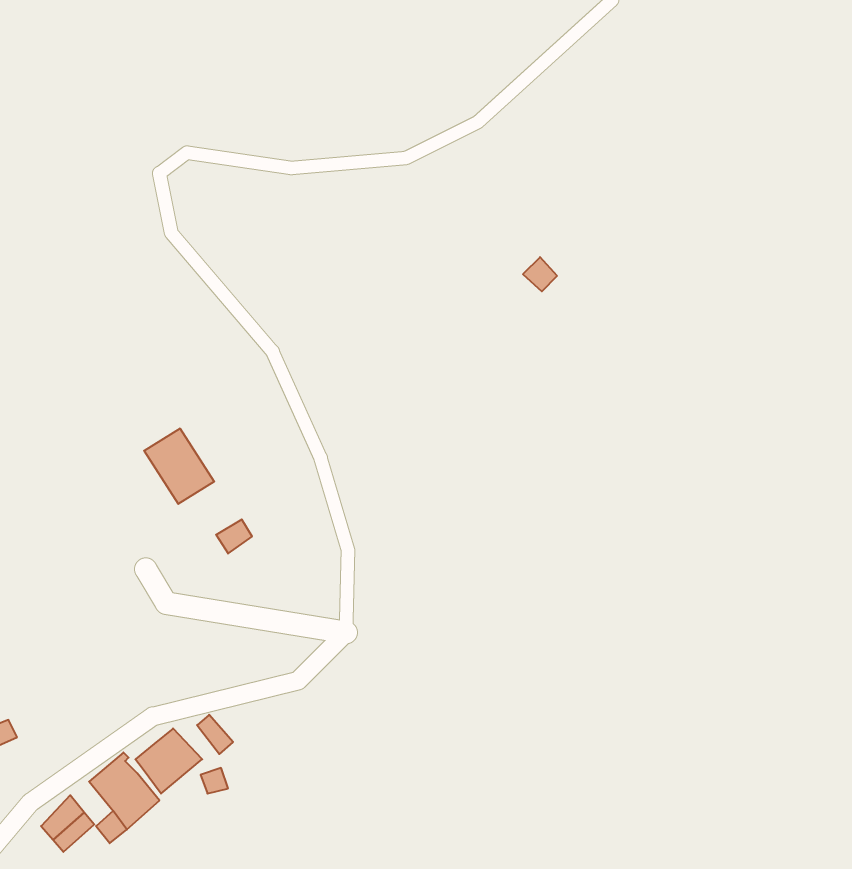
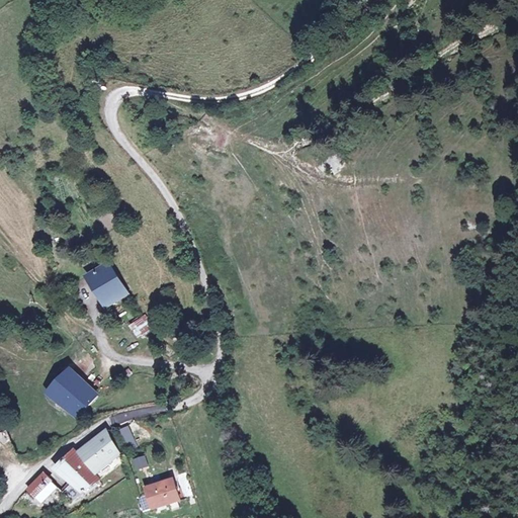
building: none -> [48,367,96,419]
building: none -> [144,478,176,506]

